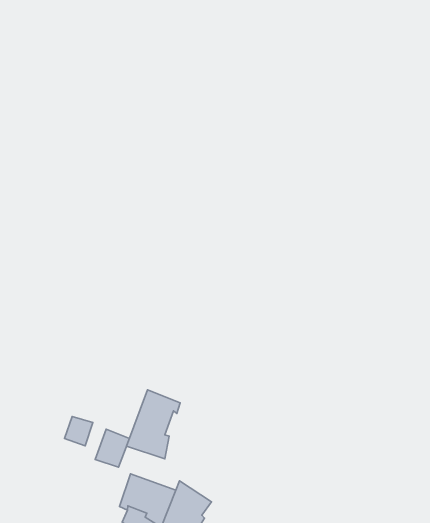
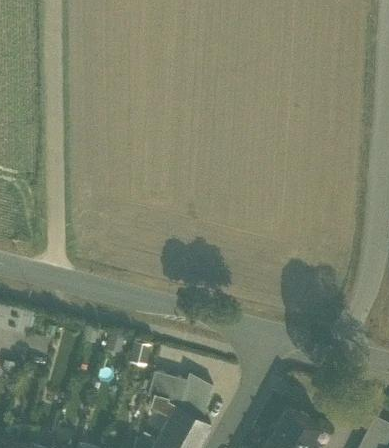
building: [127,390,180,459] -> none

